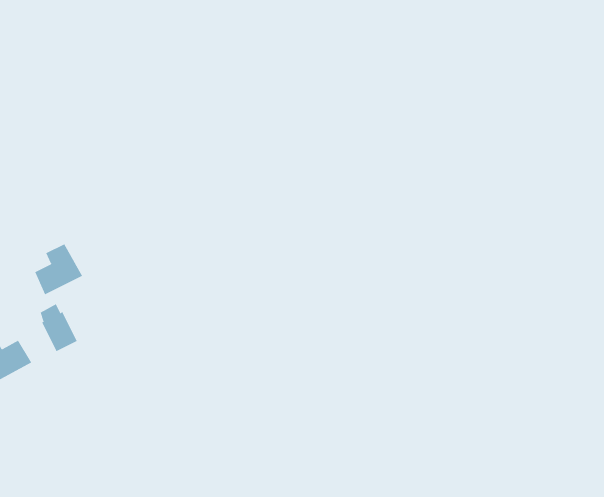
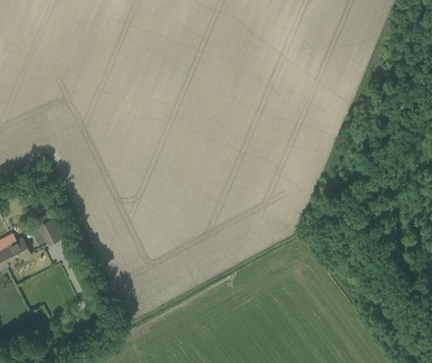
building: [34,243,83,295] -> none

